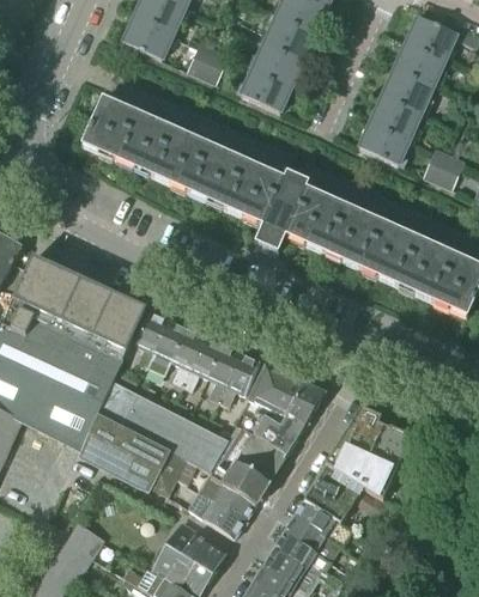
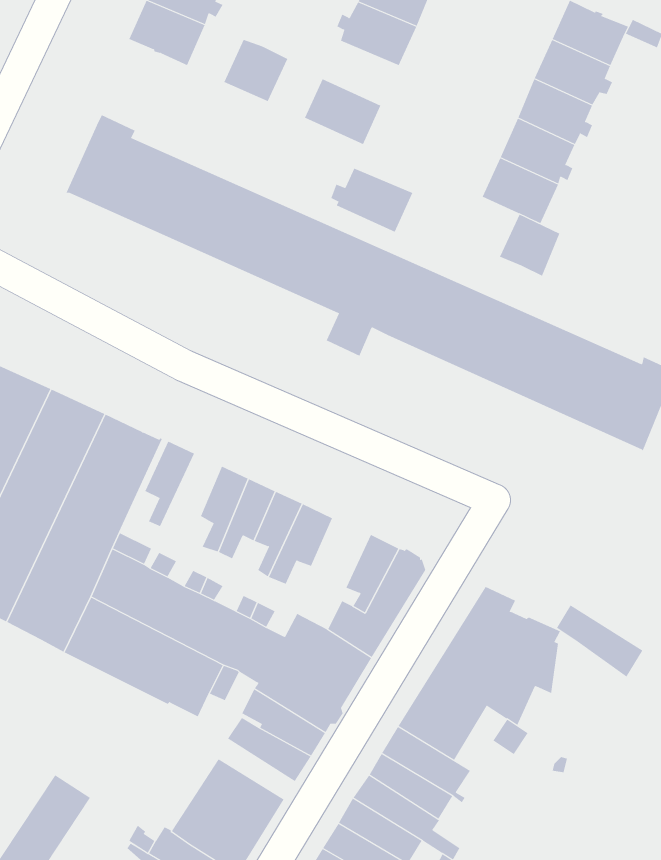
building: [249,42,304,85] -> [331,168,413,232]
building: [424,146,465,188] -> [499,214,560,277]
building: [145,317,186,371] -> none
building: [248,361,285,415] -> none
building: none -> [556,604,643,677]

